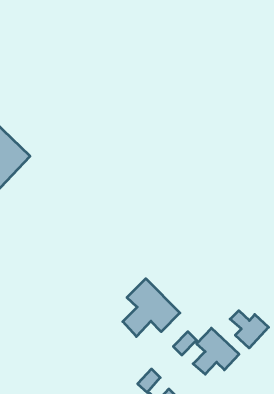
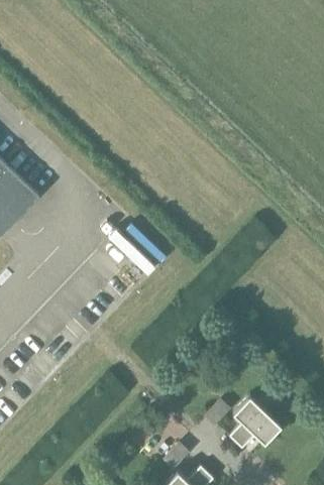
building: [123,279,180,337] -> none
building: [230,311,269,348] -> none

